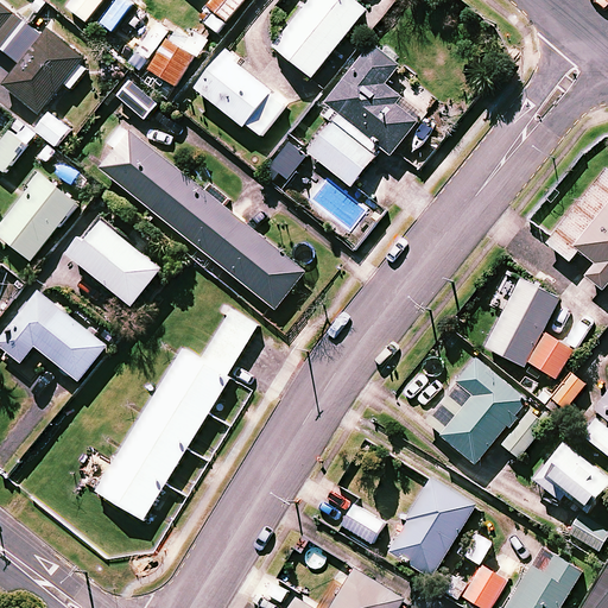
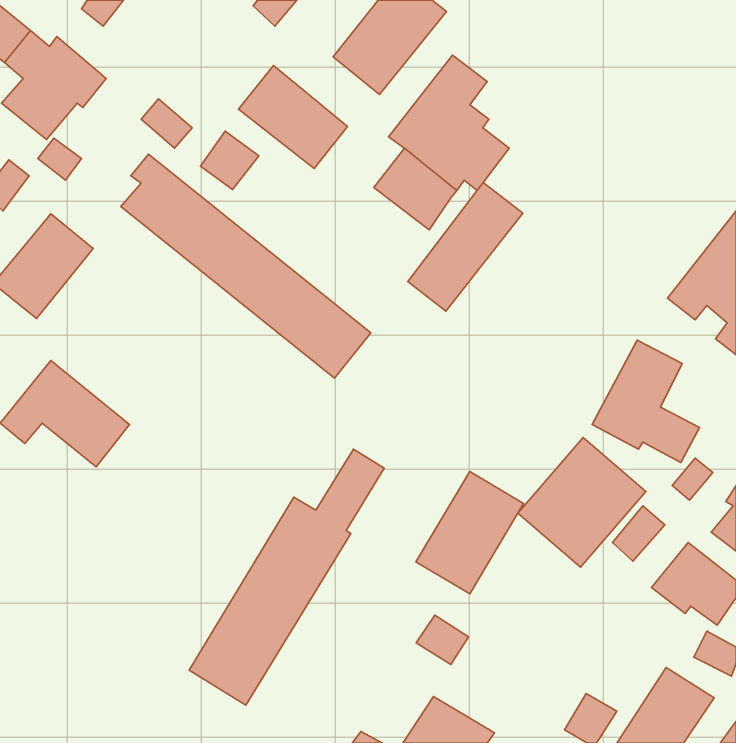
building: [147,40,195,88] -> [201,131,259,189]
building: none -> [408,182,523,311]
building: [71,218,164,306] -> none
building: [96,310,255,519] -> [189,449,384,705]
building: [387,476,475,576] -> [416,472,524,594]

